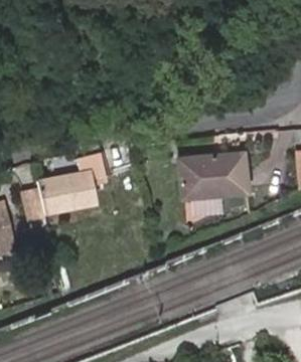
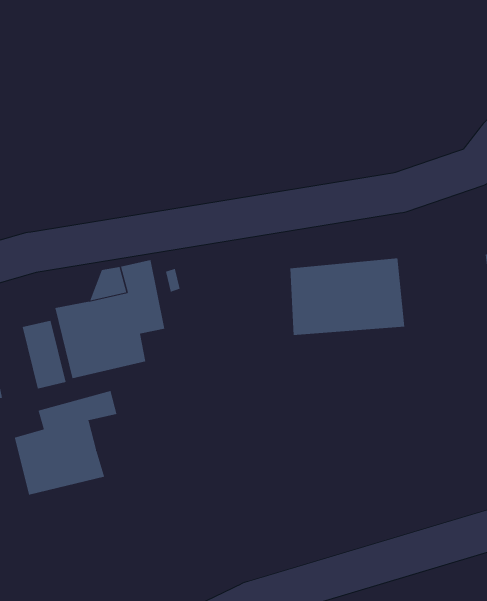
building: none -> [14,390,117,496]

